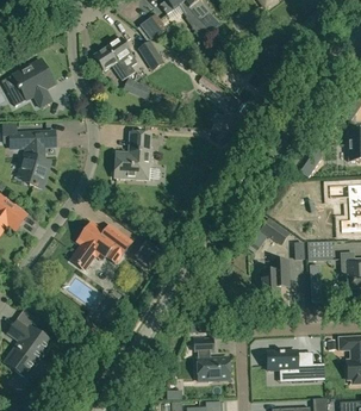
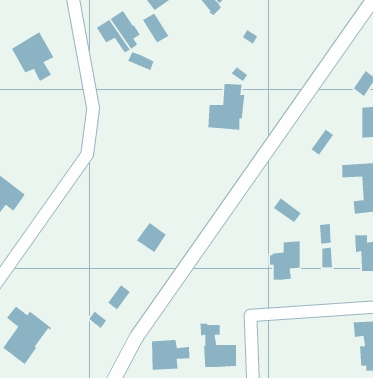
building: [11,131,56,187] -> none
building: [117,133,153,179] -> [208,83,245,130]
building: [71,224,131,269] -> none
building: [267,350,313,381] -> none
building: none -> [151,339,190,371]

